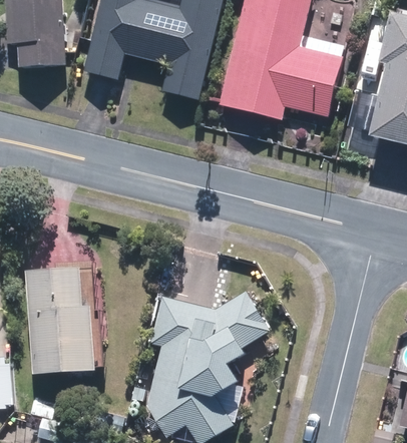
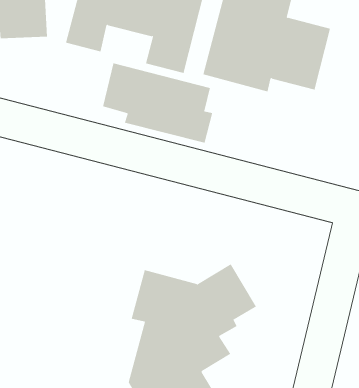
building: none -> [102,63,213,143]
building: [31,263,99,370] -> none

